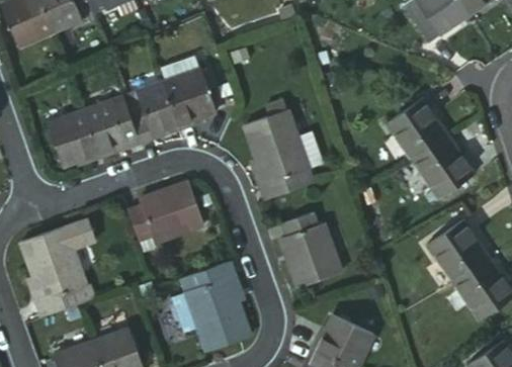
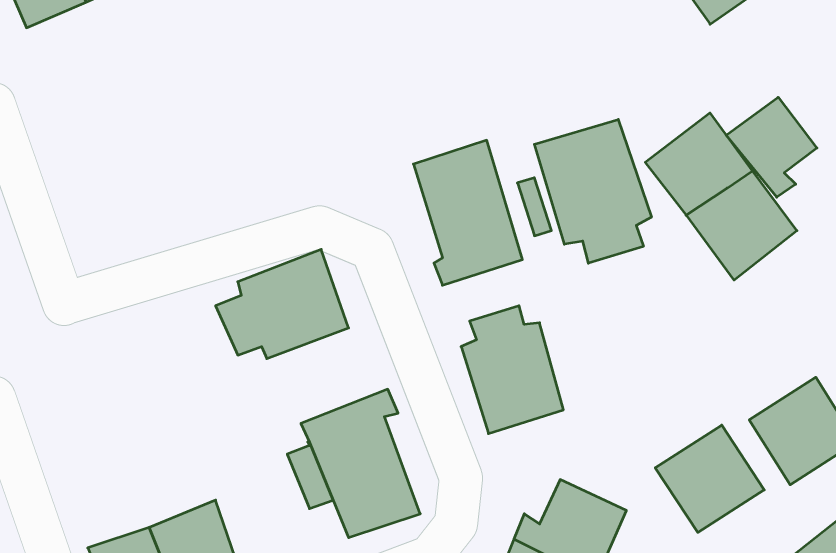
building: [47,68,217,168] -> none
building: none -> [726,97,817,197]
building: none -> [534,119,651,263]
building: [422,215,487,279] -> [655,425,764,532]
building: [25,217,95,317] -> none

